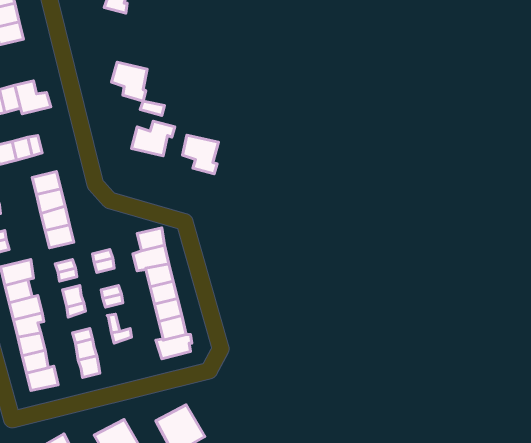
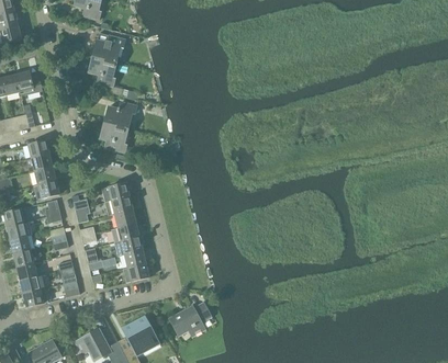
building: none -> [92,35,124,61]
building: [183,135,219,174] -> [100,122,127,151]
building: none -> [169,302,211,336]

